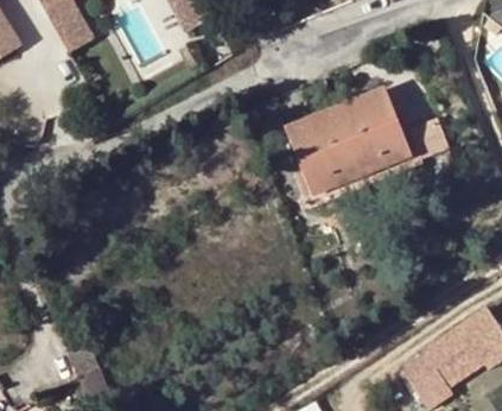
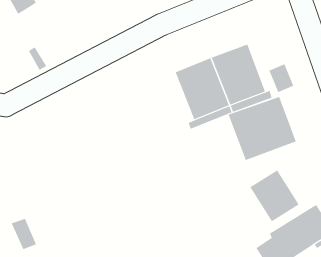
building: none -> [228,96,296,161]
building: none -> [249,169,300,222]

